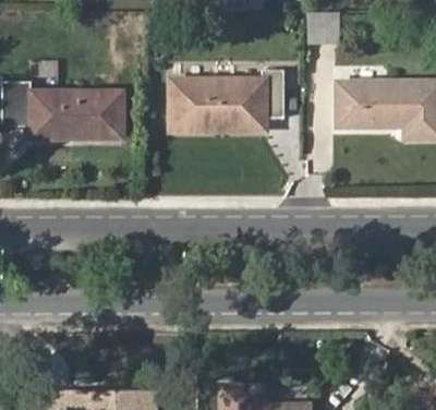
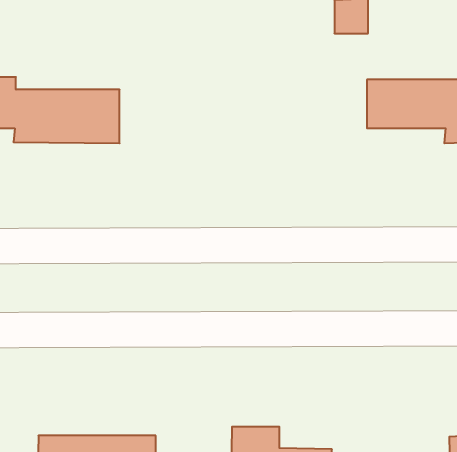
building: [170,71,284,132] -> none

